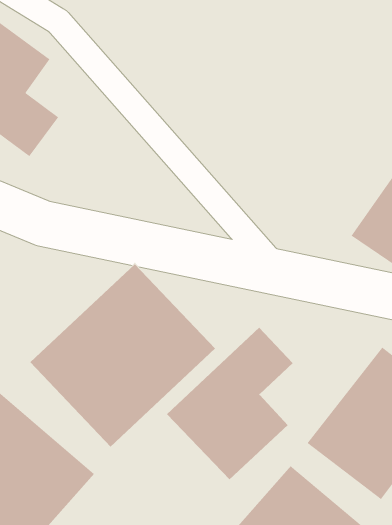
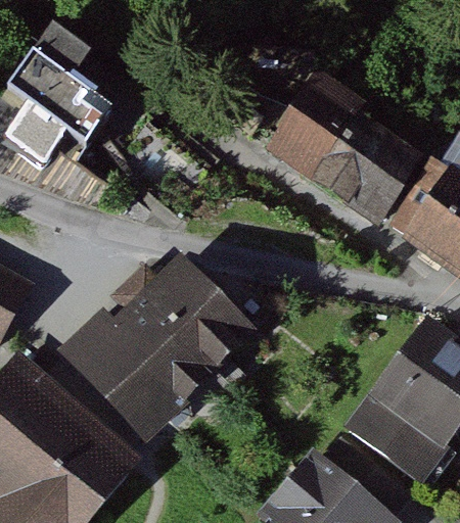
building: none -> [254,78,419,227]
building: [166,327,293,480] -> none

